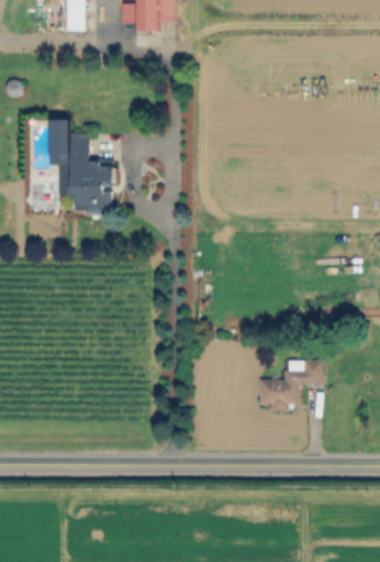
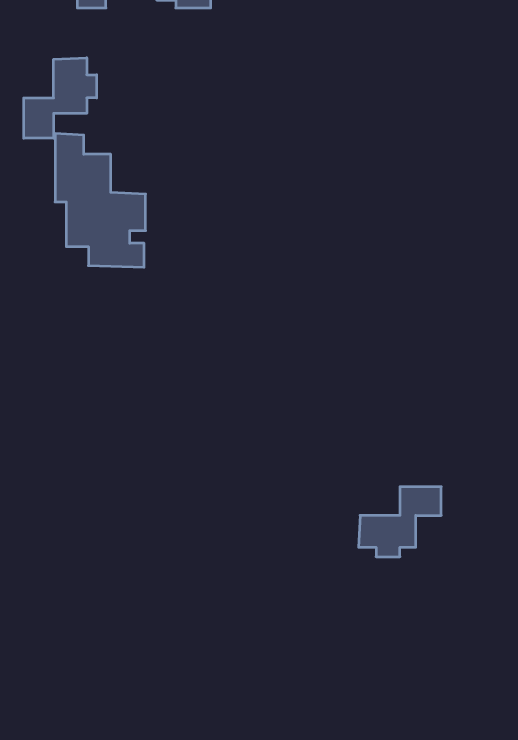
building: none -> [24,58,97,138]

